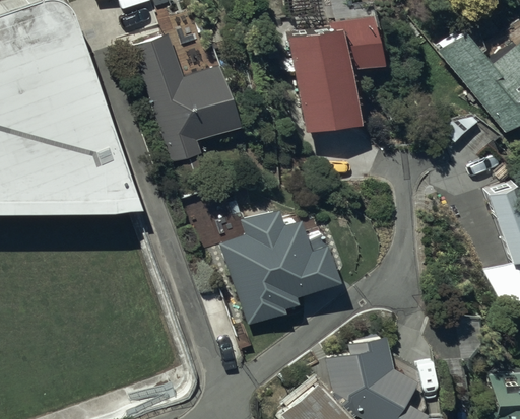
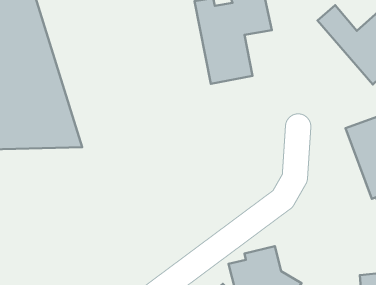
building: [133,34,240,164] -> none
building: [221,211,337,326] -> none

